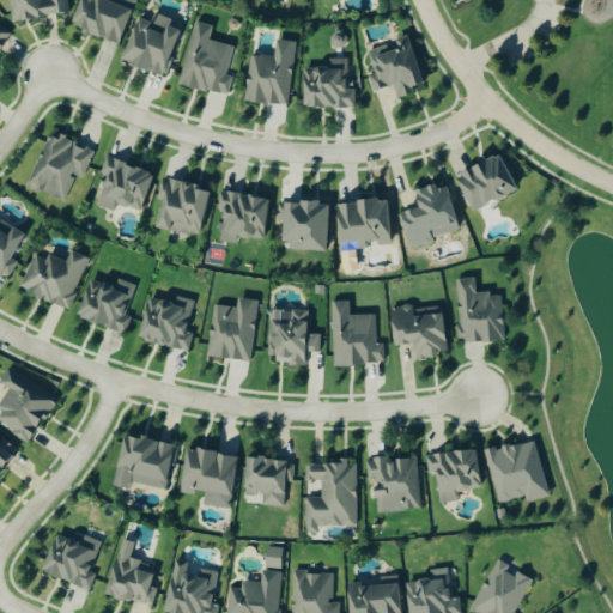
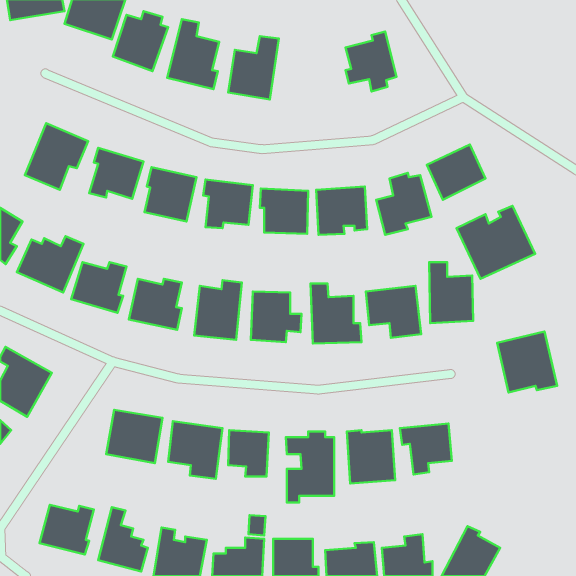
building: [303,57,356,105] -> none
building: none -> [457,206,535,279]
building: [485,438,548,503] -> [497,332,557,393]

